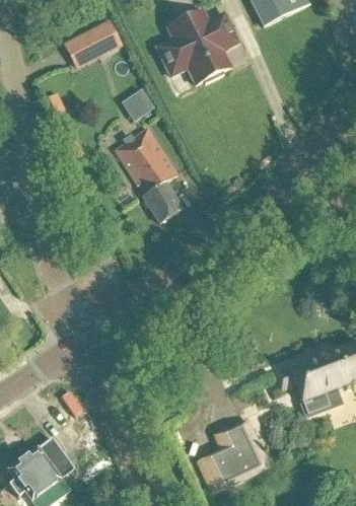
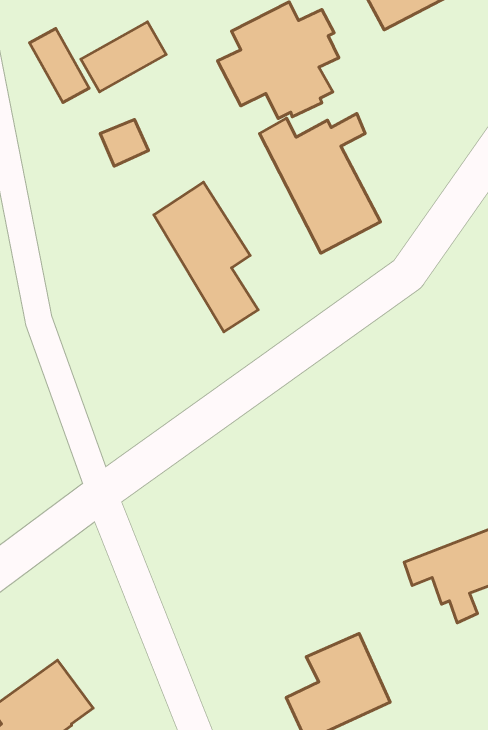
building: none -> [30,28,89,103]
building: none -> [259,113,381,253]
building: [125,85,156,116] -> [100,119,148,166]

